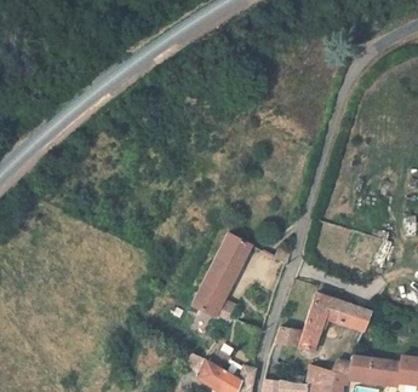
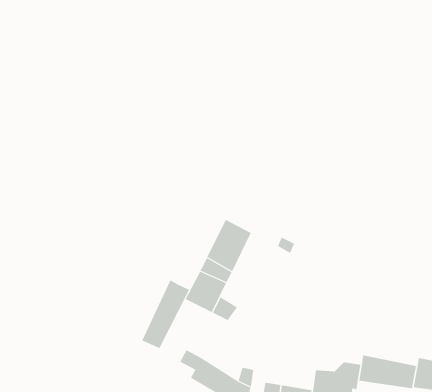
building: none -> [142,280,190,349]
building: [274,296,368,353] -> none

